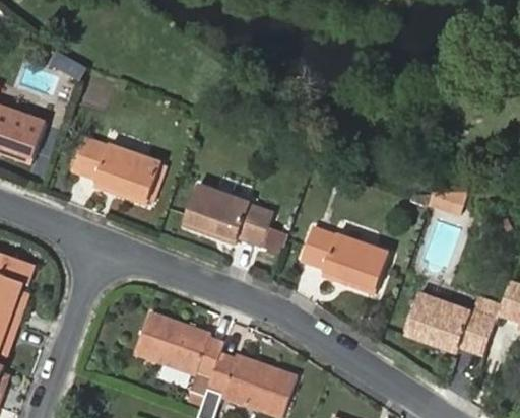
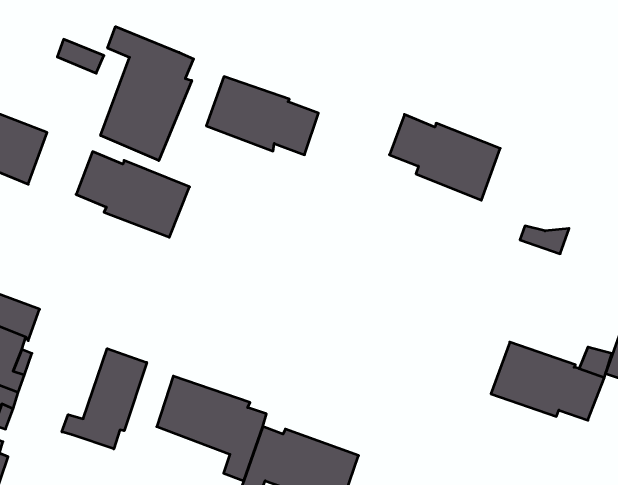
building: none -> [101,27,194,161]
building: [180,185,270,248] -> [206,77,318,155]
building: [299,223,388,292] -> [389,114,500,200]
building: none -> [62,349,147,449]

